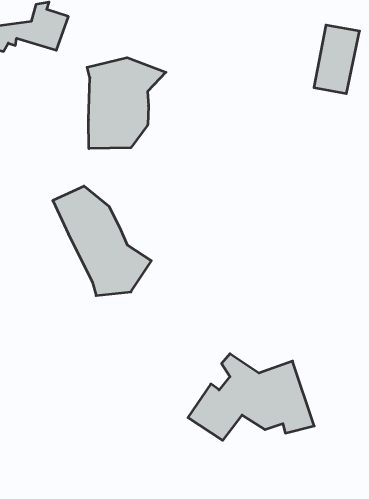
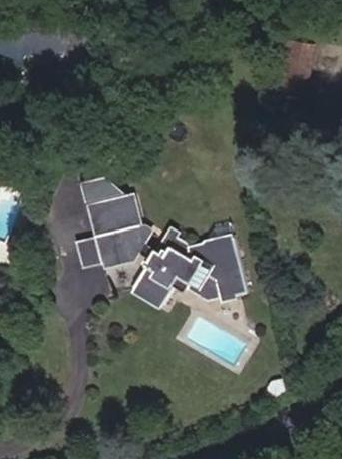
building: [87,58,166,149] -> none
building: [188,354,314,440] -> [139,235,245,307]

